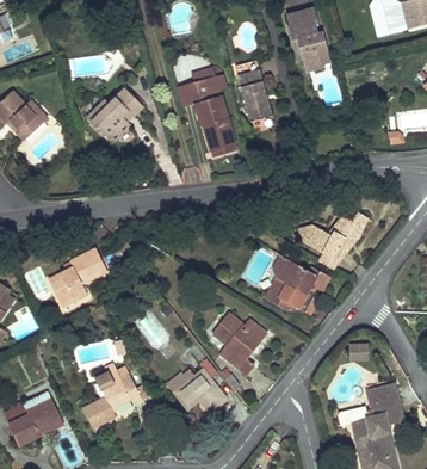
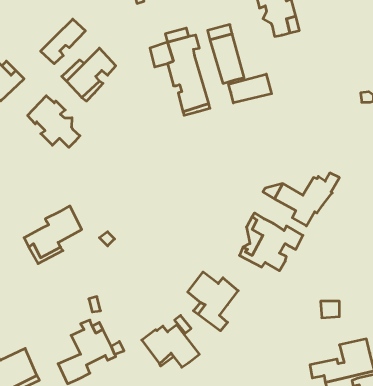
building: none -> [41,19,85,64]
building: none -> [229,74,272,103]
building: none -> [28,96,80,147]

